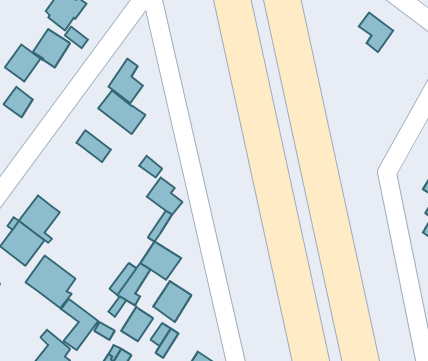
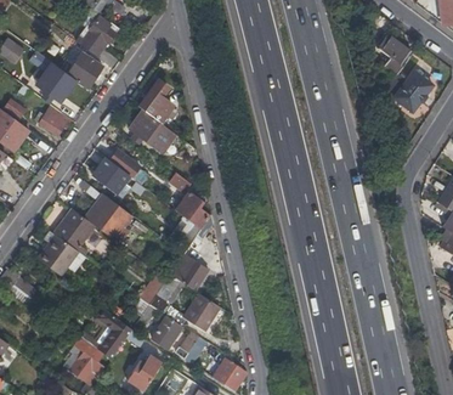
building: none -> [393,69,432,111]
building: none -> [91,157,129,193]
building: [26,256,75,308] -> [85,193,132,243]

